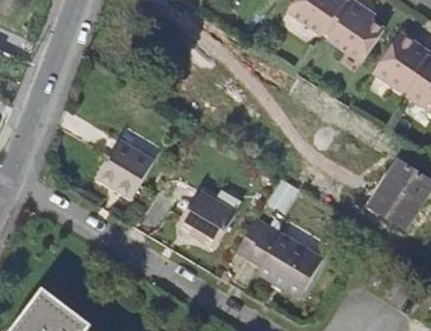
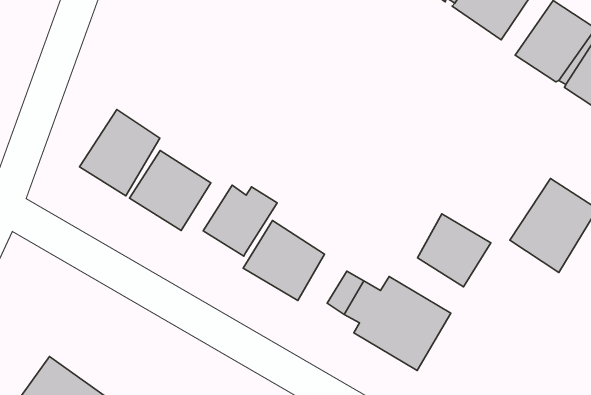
building: none -> [79,109,160,196]
building: none -> [203,185,277,256]
building: none -> [417,214,491,287]

